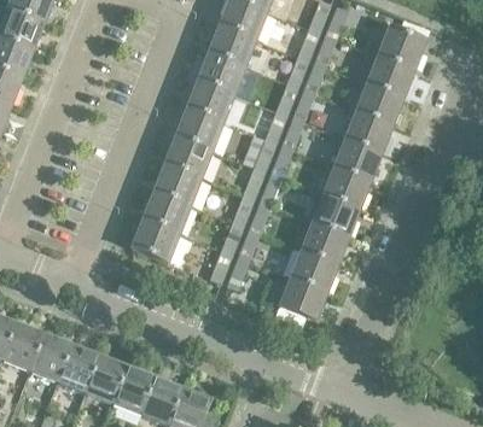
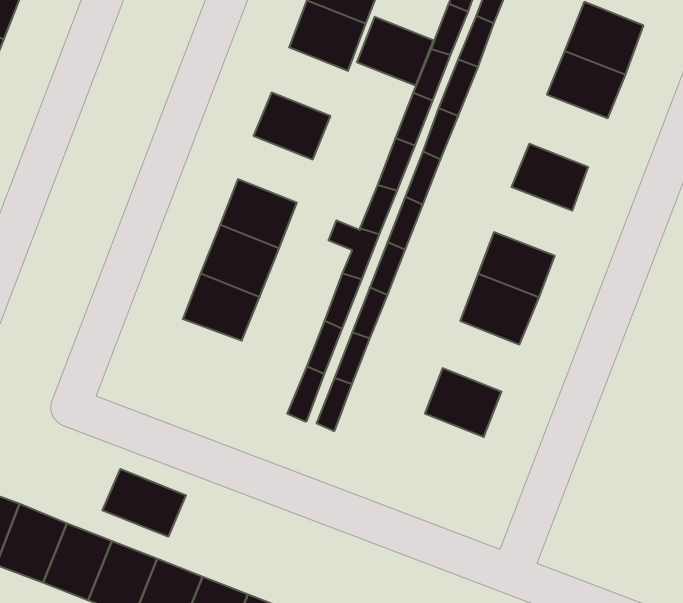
building: [198,53,245,95] -> [357,17,434,86]
building: [356,82,405,127] -> none
building: [178,107,223,148] -> none
building: [334,139,383,181] -> none
building: [133,220,180,263] -> none
building: [303,221,350,264] -> none
building: [280,277,328,321] -> none
building: none -> [103,469,186,537]

